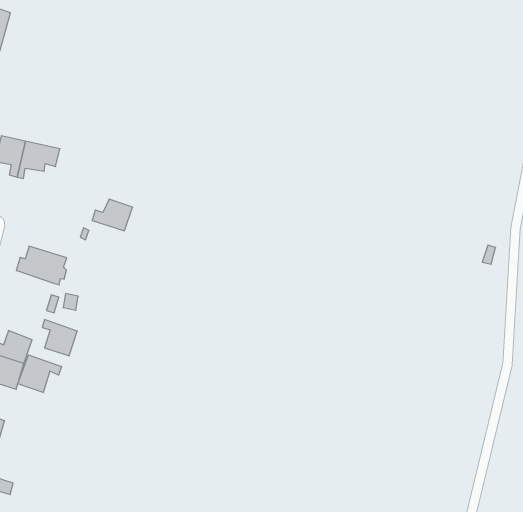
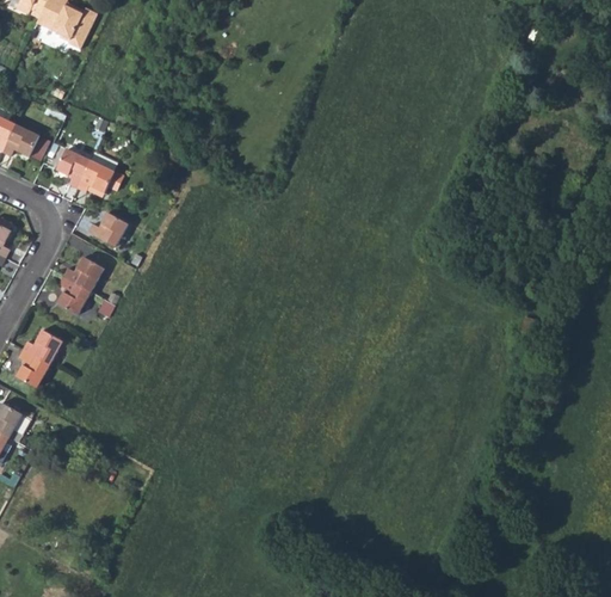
building: [92,199,133,231] -> [86,210,128,244]
building: [42,320,77,356] -> [56,275,91,314]
building: [18,355,62,393] -> none

